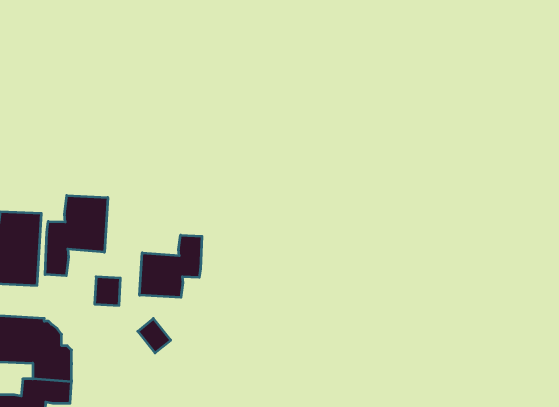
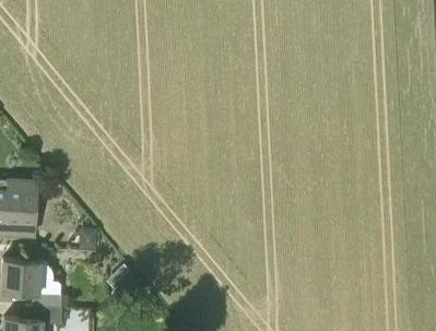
building: [45,195,108,276] -> none
building: [140,235,202,297] -> none

